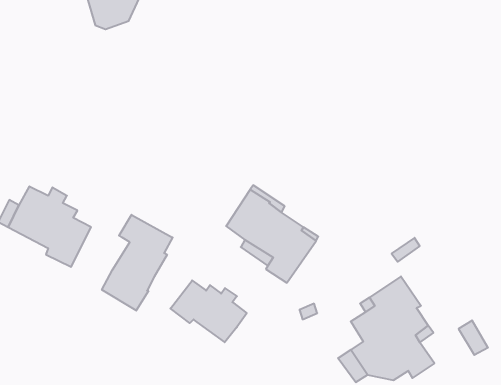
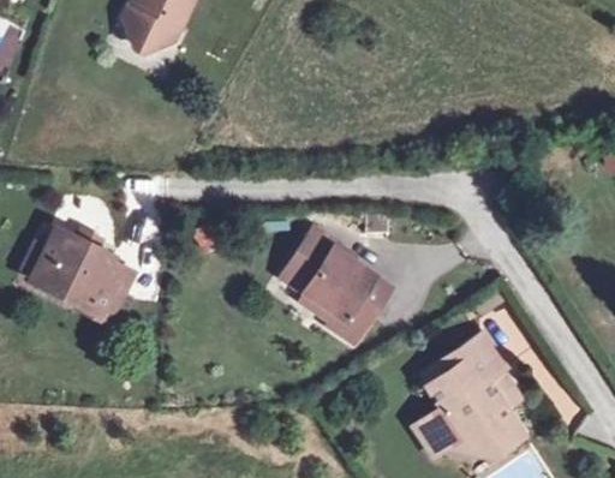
building: [102,215,173,311] -> none
building: [170,280,247,342] -> none

